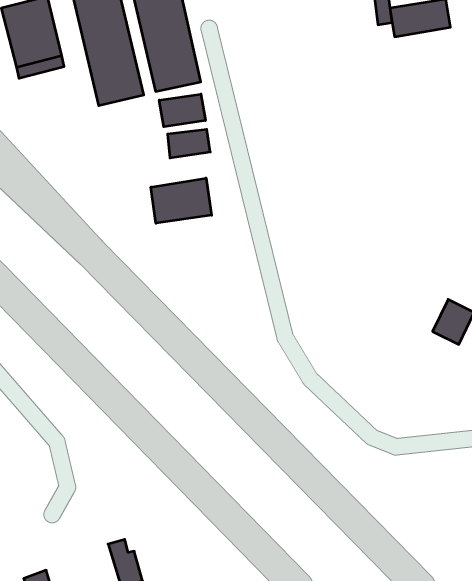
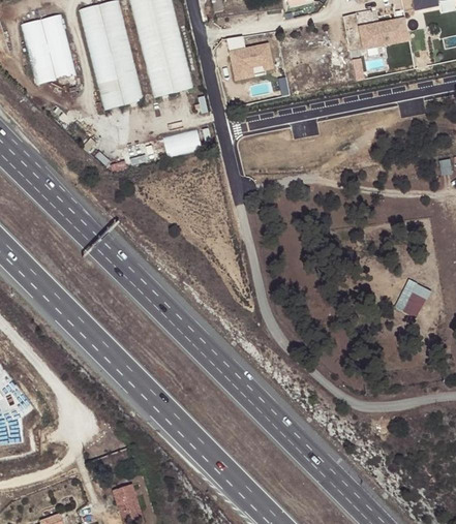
building: none -> [225,35,274,79]
building: [159,94,205,127] -> none
building: [151,178,212,223] -> none

